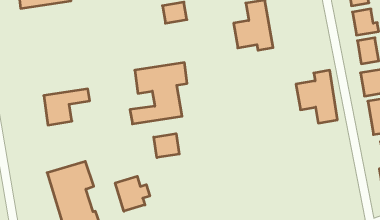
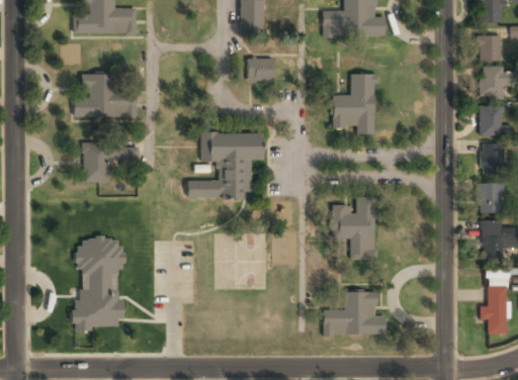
building: none -> [75,74,137,118]
building: [296,70,337,123] -> [332,197,376,260]
building: [154,134,179,158] -> none
building: none -> [324,292,385,336]
building: [115,176,150,211] -> none

